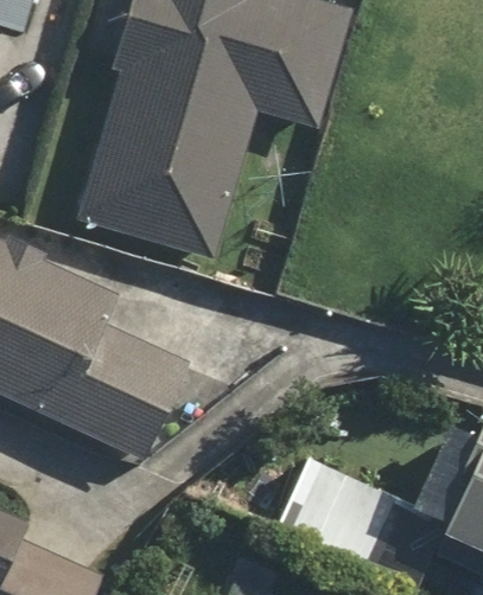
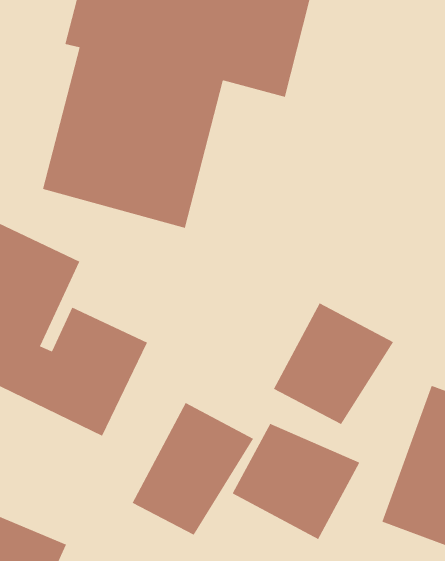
building: none -> [273,302,394,425]
building: none -> [132,402,254,536]

